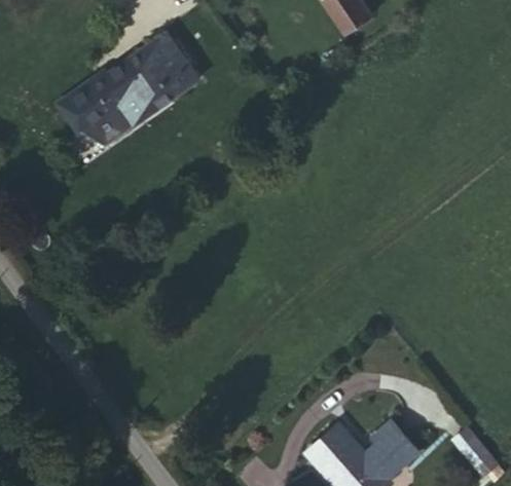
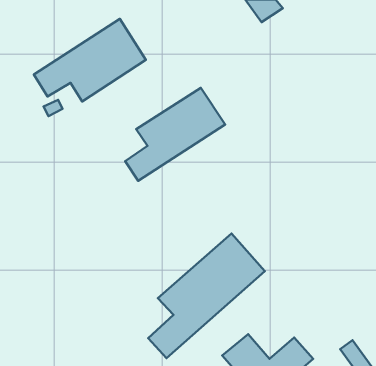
building: none -> [125,88,225,181]
building: none -> [148,234,265,358]

